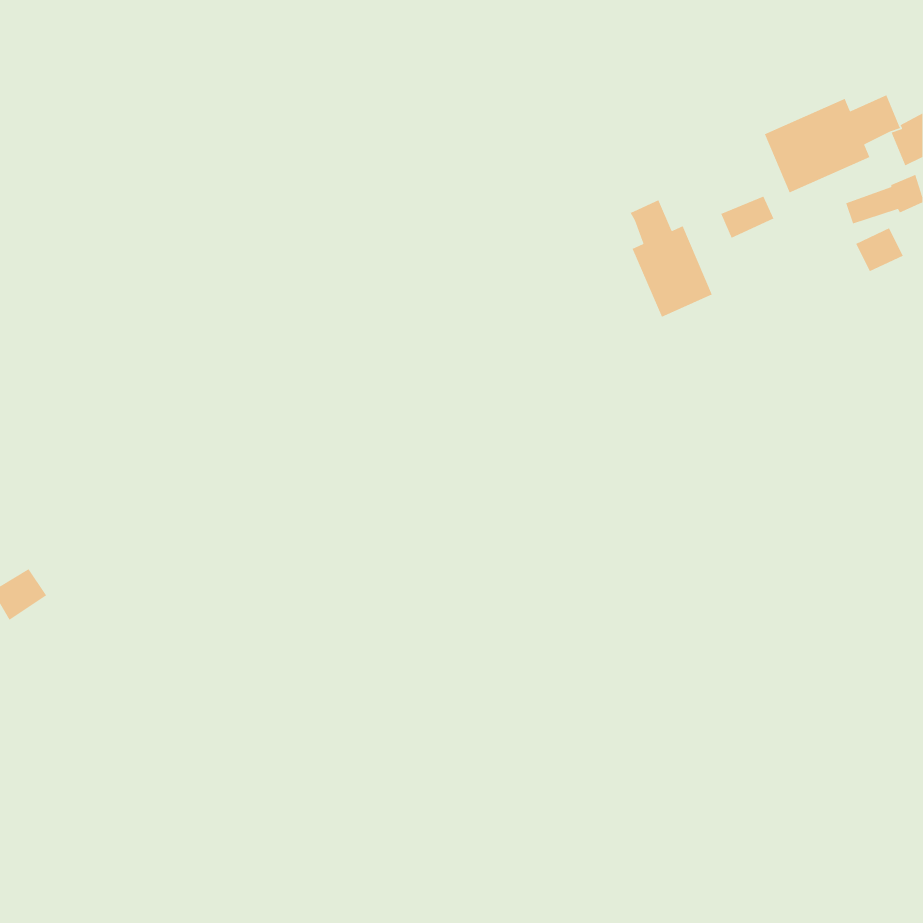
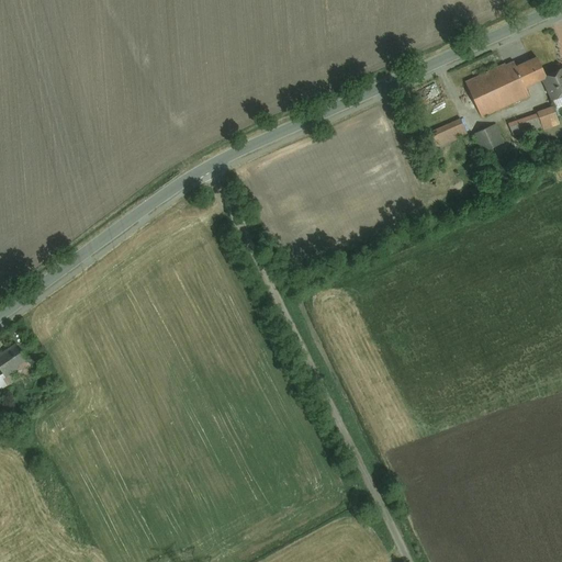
building: [629,199,713,318] -> none
building: [855,227,904,272] -> [475,124,505,151]

